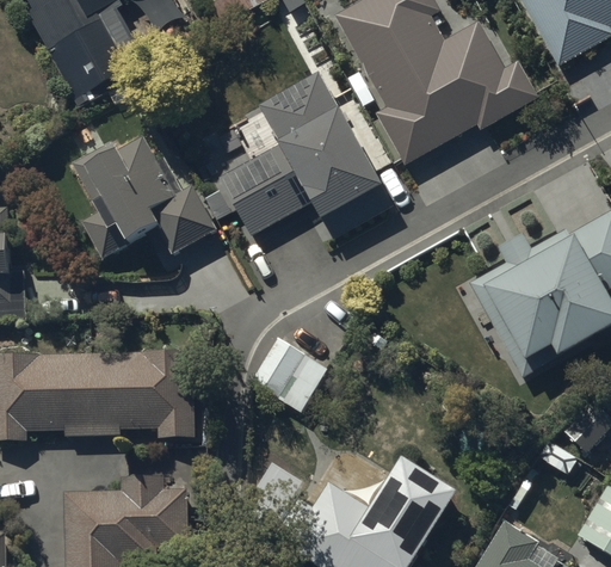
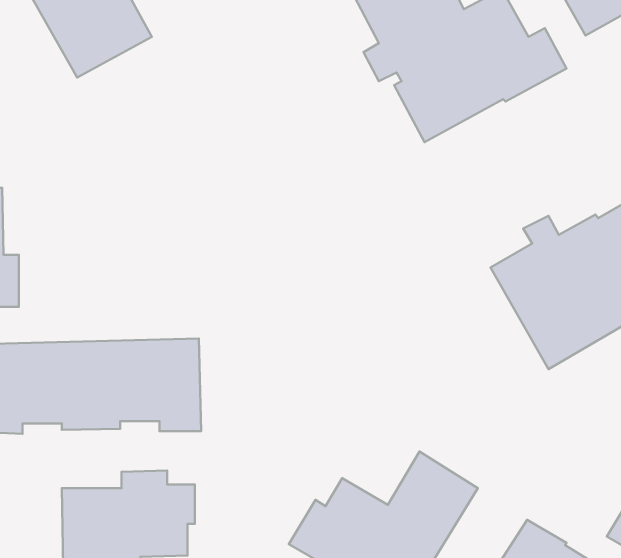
building: [209,72,394,239] -> none
building: [72,136,220,257] -> none
building: [252,337,328,411] -> none

